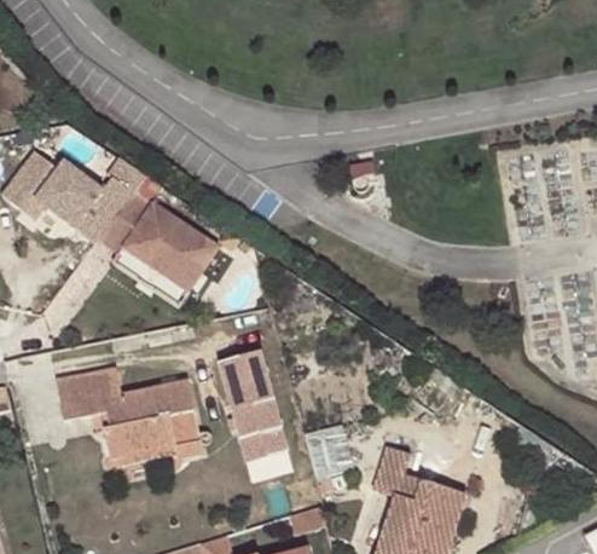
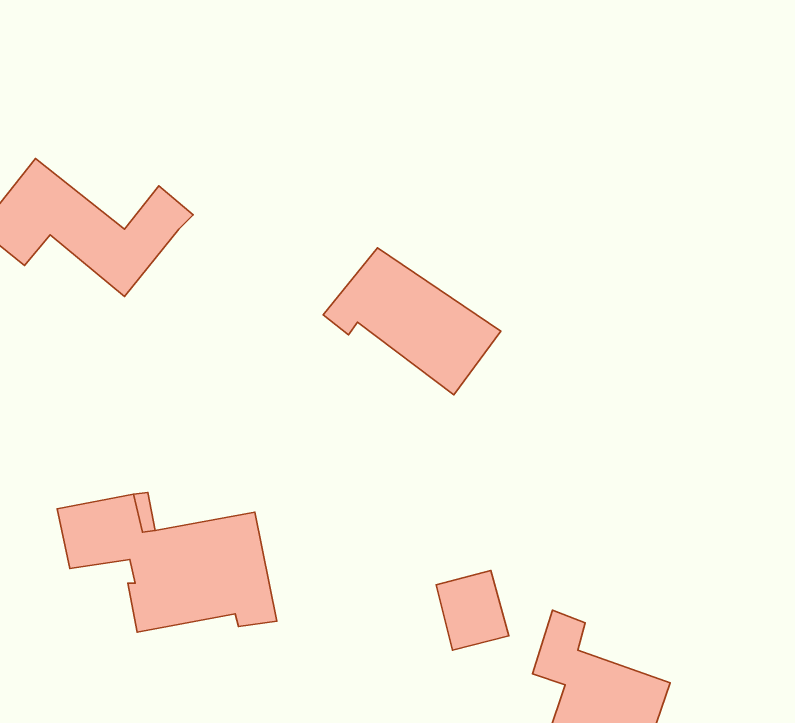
building: [100,195,219,293] -> [323,248,501,395]
building: [218,353,286,464] -> none

